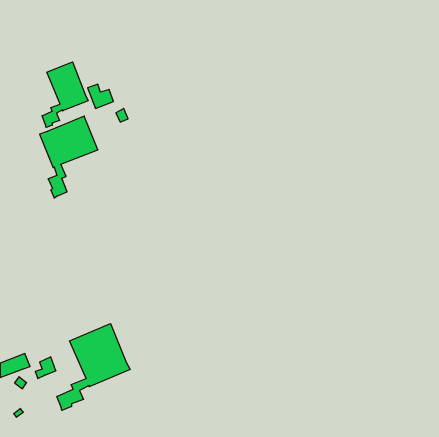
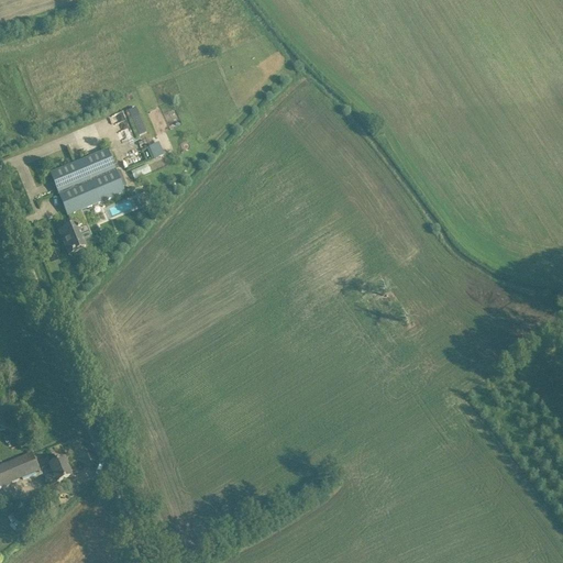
building: [42,62,88,127] -> none
building: [57,324,130,410] -> none

